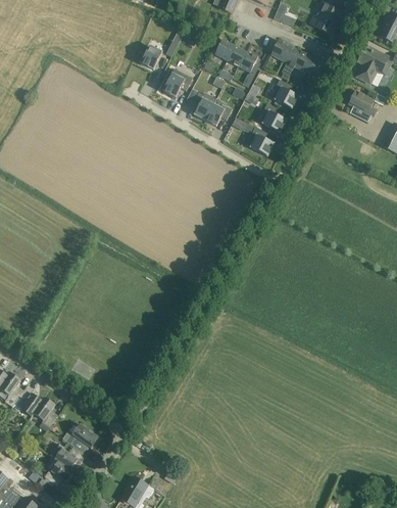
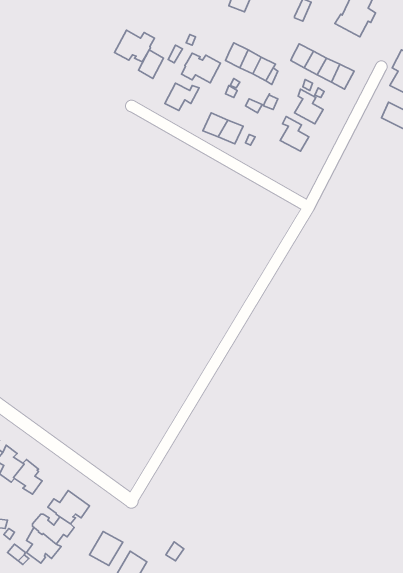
building: none -> [115,30,154,62]
building: none -> [182,53,221,83]
building: [249,126,274,155] -> none
building: none -> [89,531,123,566]

